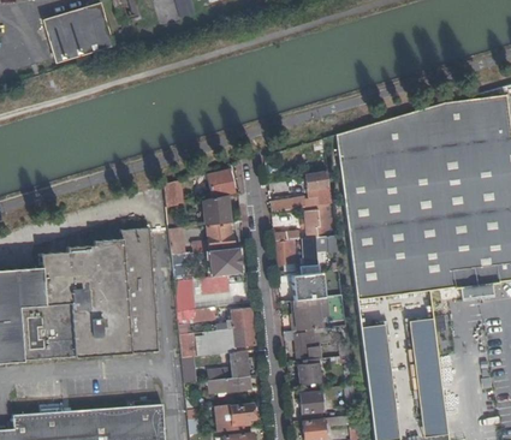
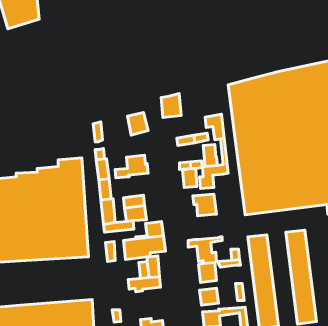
building: [204,194,230,224] -> [161,94,181,117]
building: [209,246,242,275] -> none
building: [293,297,322,329] -> none
building: [216,403,255,432] -> none

